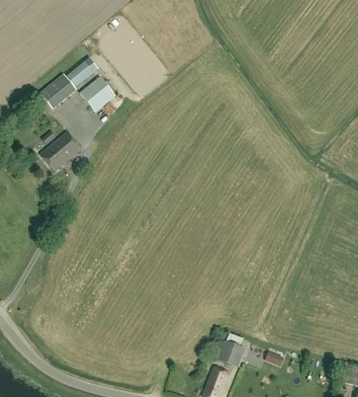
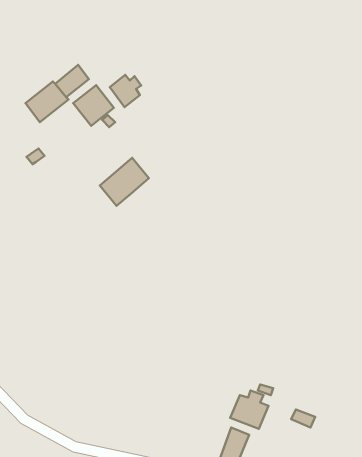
building: none -> [110,75,141,107]
building: [39,131,81,171] -> [100,158,149,206]

